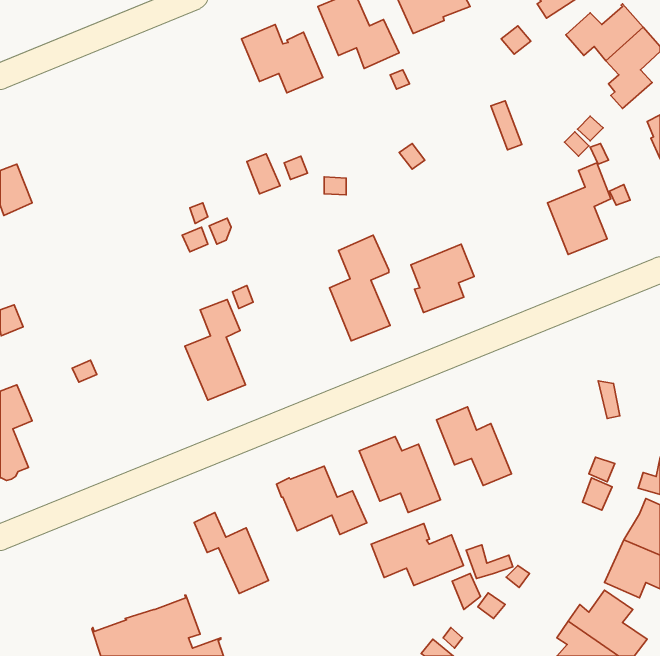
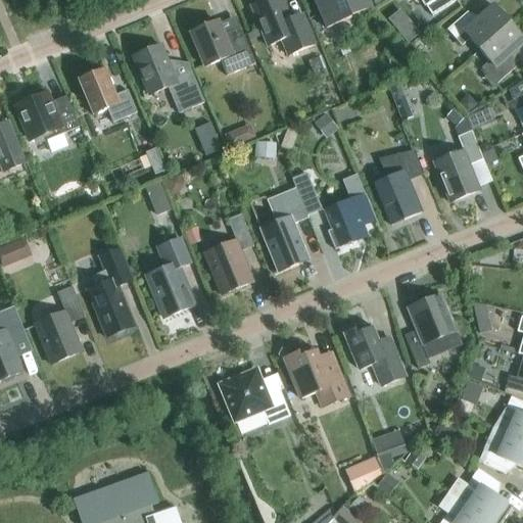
building: none -> [133,43,204,111]
building: none -> [78,67,137,121]
building: none -> [15,91,79,150]
building: none -> [374,149,423,224]
building: none -> [292,171,322,213]
building: none -> [204,212,253,293]
building: none -> [87,247,135,336]
building: none -> [405,292,462,367]
building: none -> [35,310,82,363]
building: [194,513,269,593] -> none
building: [371,523,464,585] -> none

